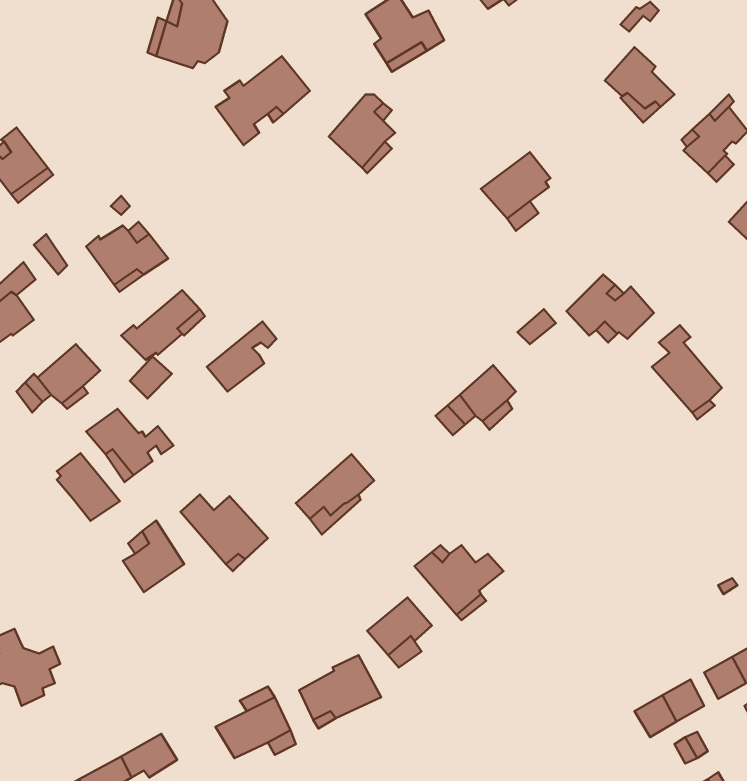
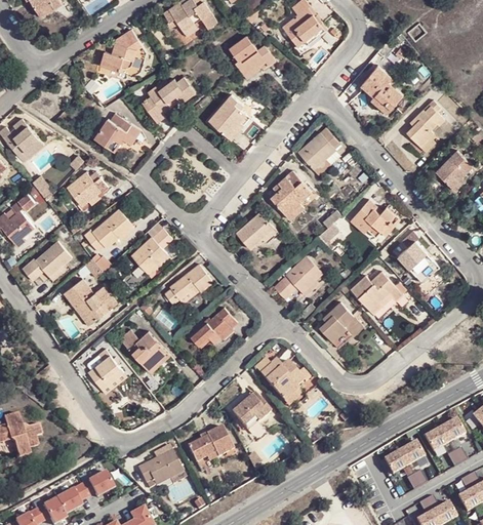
building: none -> [94,110,145,152]
building: none -> [267,170,311,220]
building: none -> [233,211,276,251]
building: none -> [167,264,213,300]
building: none -> [346,272,400,317]
building: none -> [314,298,357,345]
building: [57,453,120,521] -> none

